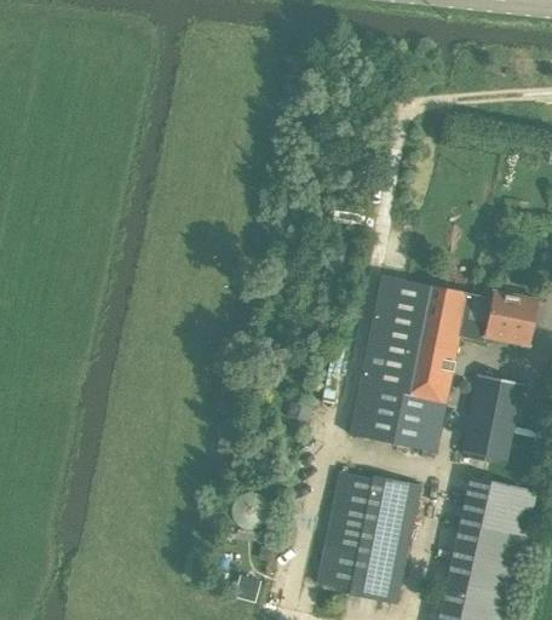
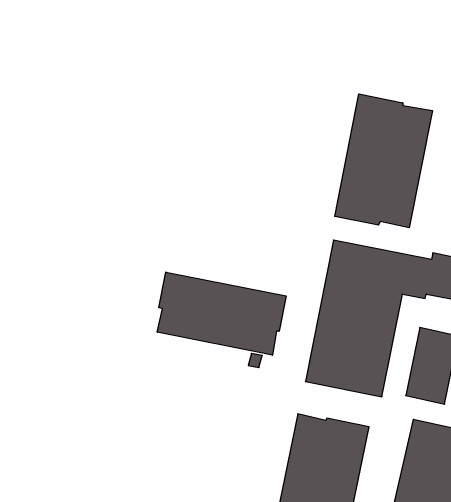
building: none -> [335,94,432,228]
building: none -> [157,272,286,355]

